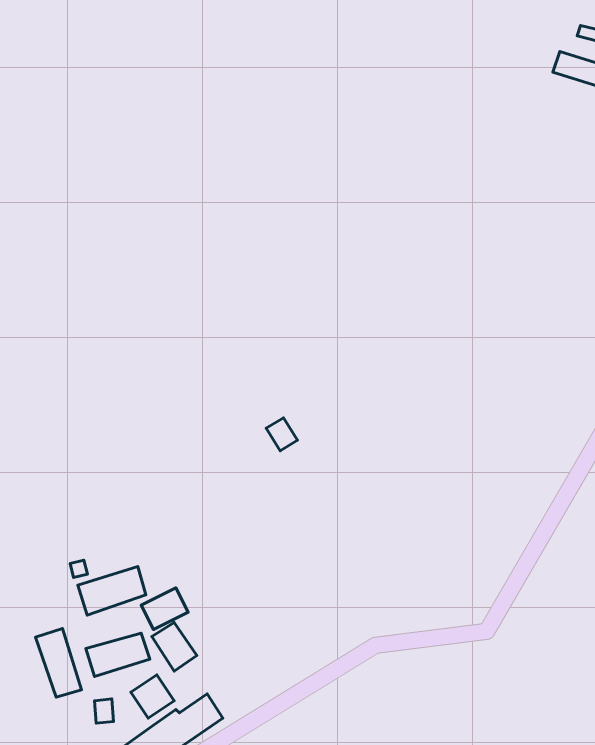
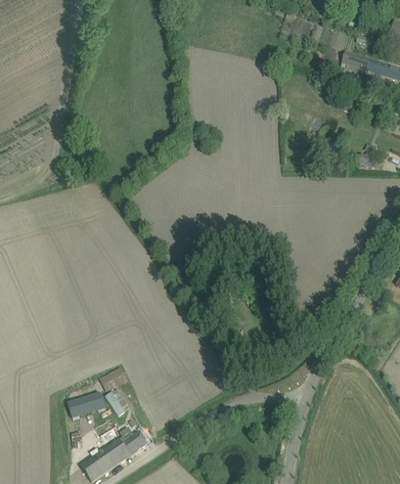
building: [78,567,146,615] -> none
building: [36,629,82,697] -> none

